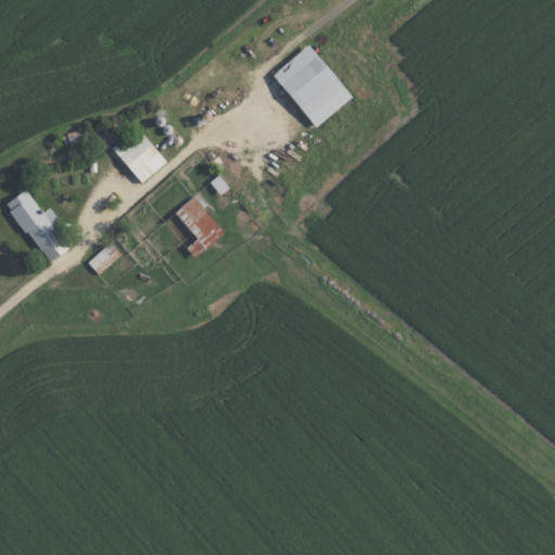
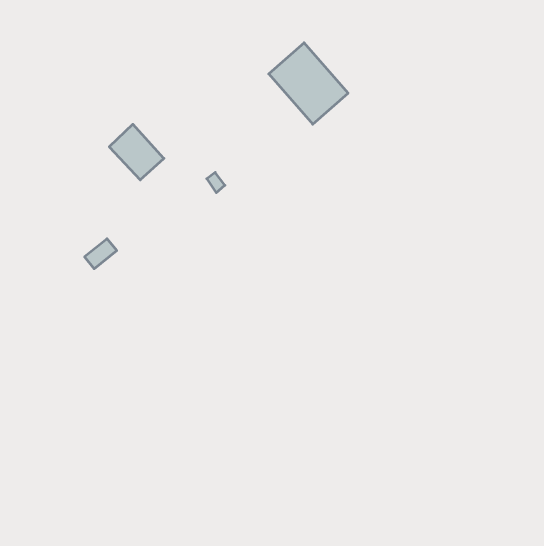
building: [7,191,67,264] -> none
building: [173,197,223,259] -> none

